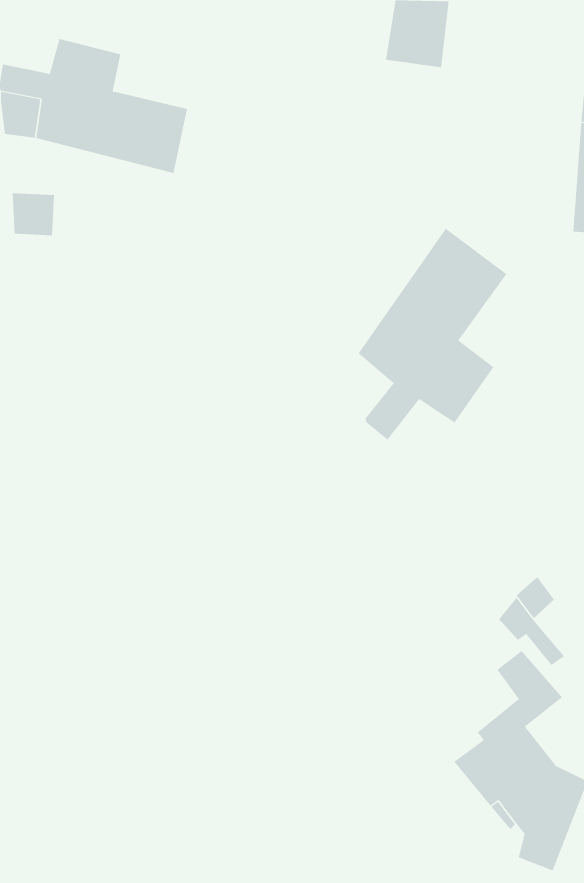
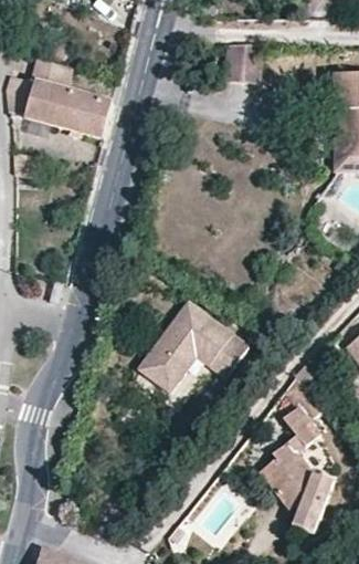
building: [358,228,507,441] -> none
building: none -> [136,304,244,393]

